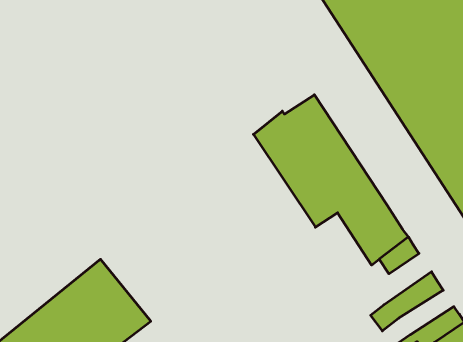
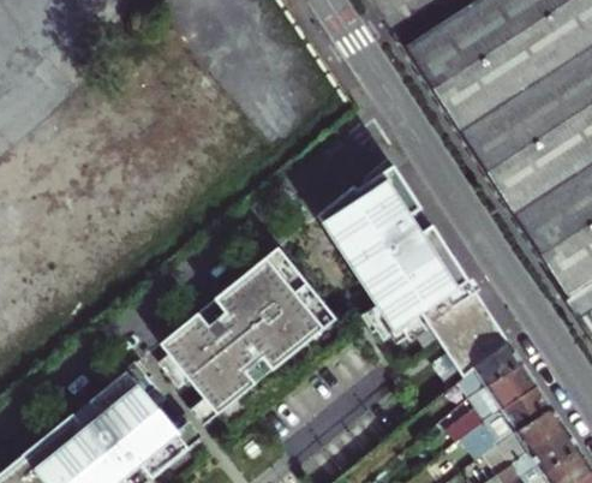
building: none -> [162,245,337,412]
building: none -> [449,362,539,442]
building: none -> [498,407,567,463]

